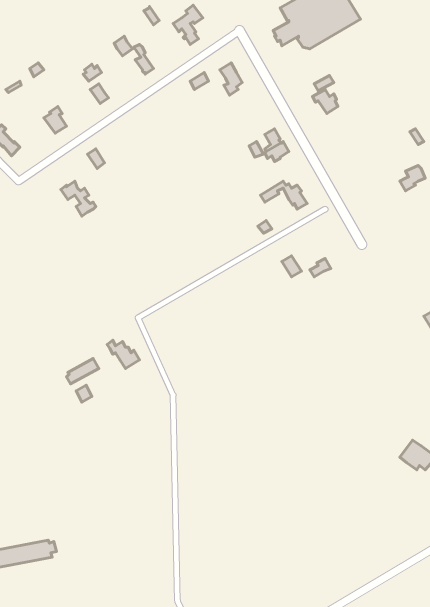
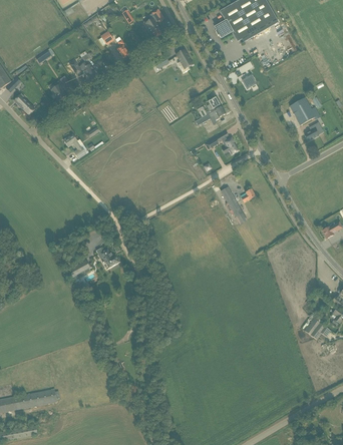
building: none -> [289,97,319,124]

